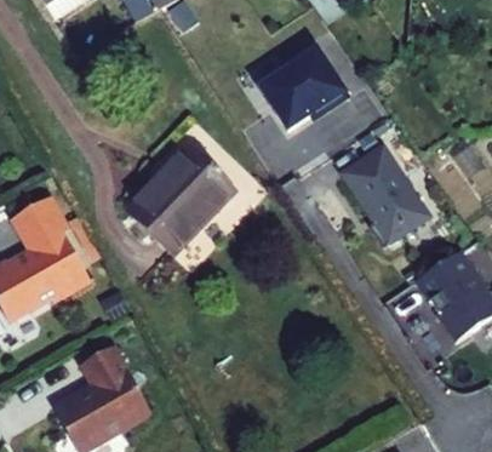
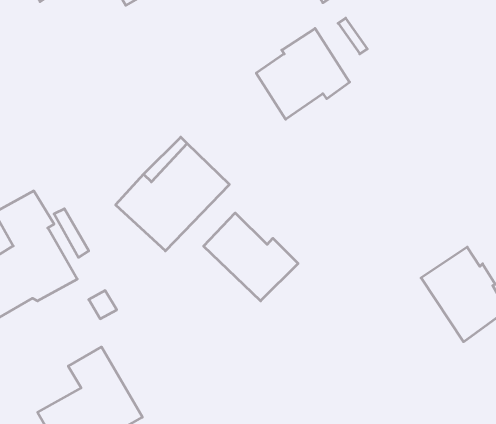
building: [341,143,429,246] -> none
building: none -> [204,213,298,301]

